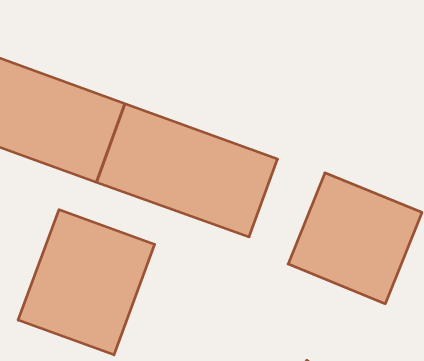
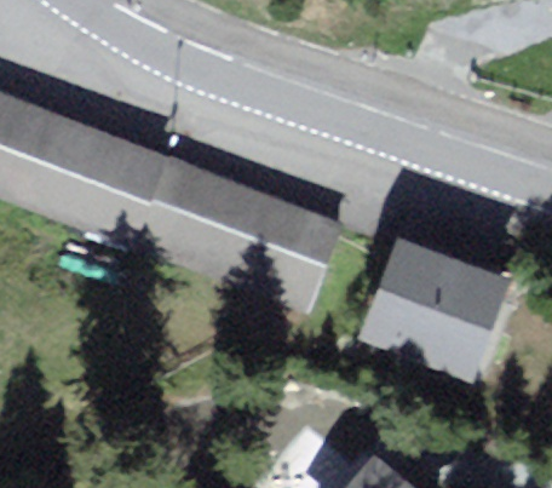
building: [18,210,155,355] -> none

